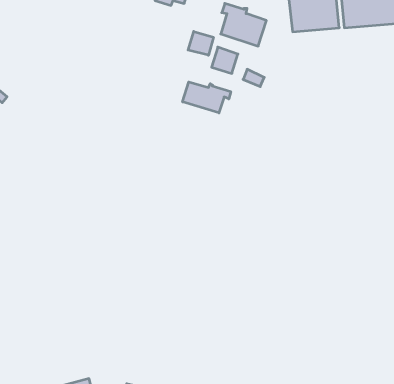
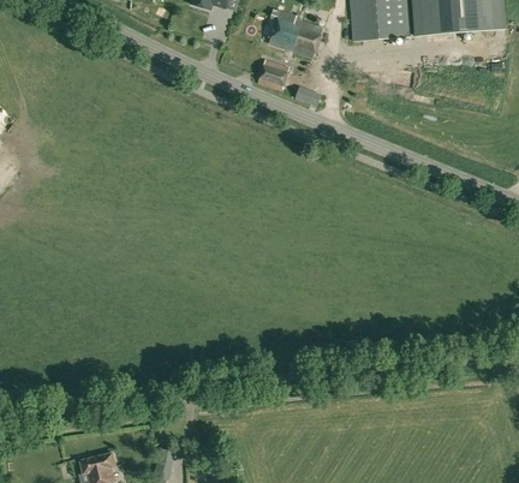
building: [188,31,213,55] -> none
building: [183,82,231,113] -> none

